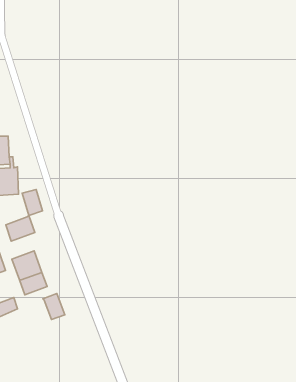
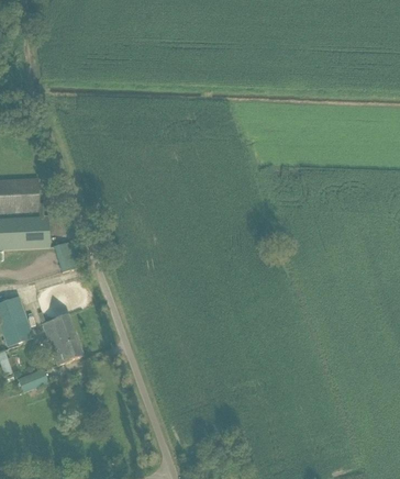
building: [6,215,35,241] -> none
building: [43,294,65,319] -> none

